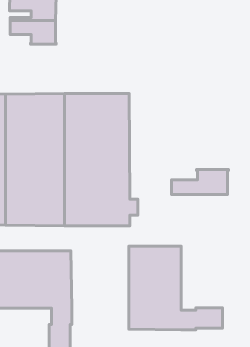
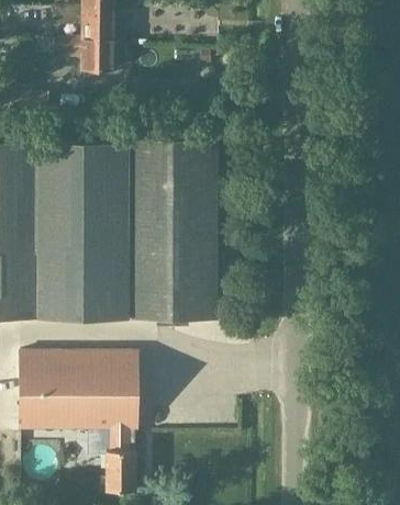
building: [172,170,229,195] -> none
building: [129,246,223,330] -> none

